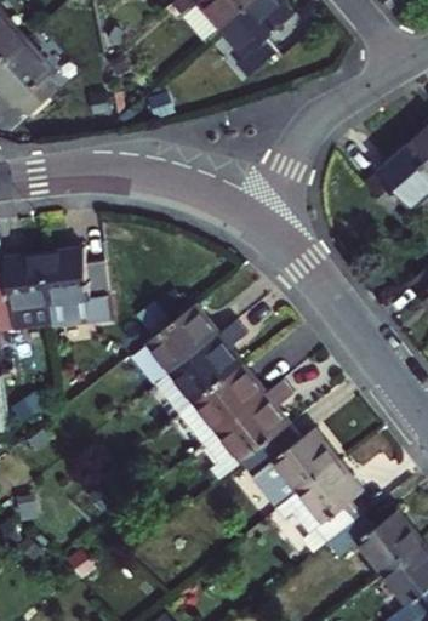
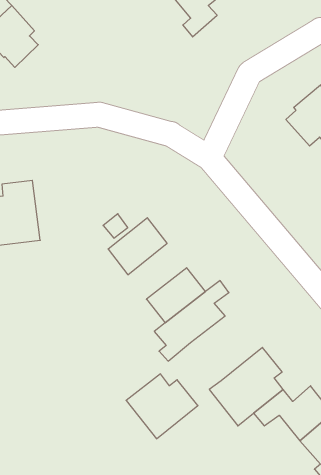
building: [48,249,118,327] -> none
building: [155,317,244,409] -> none
building: [244,421,332,501] -> [126,374,198,439]

